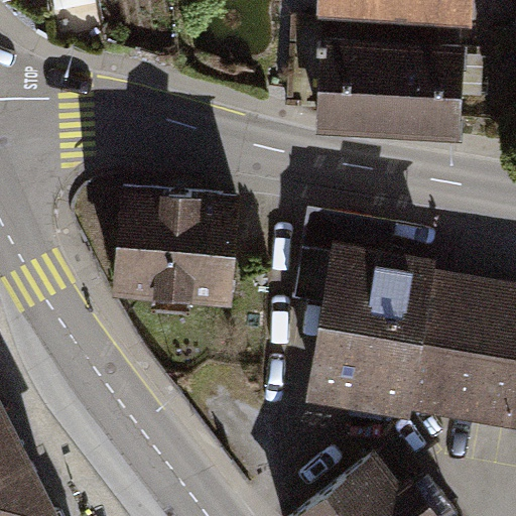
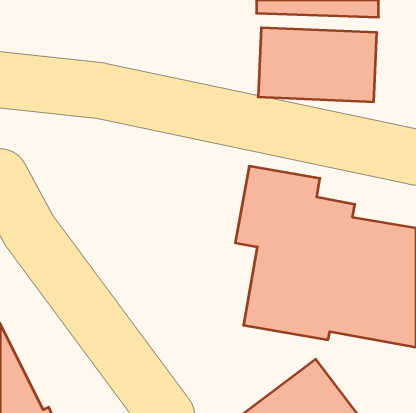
building: [115,189,232,300] -> none

